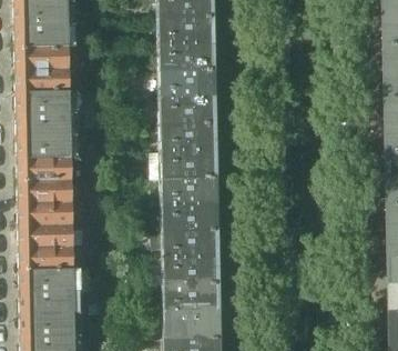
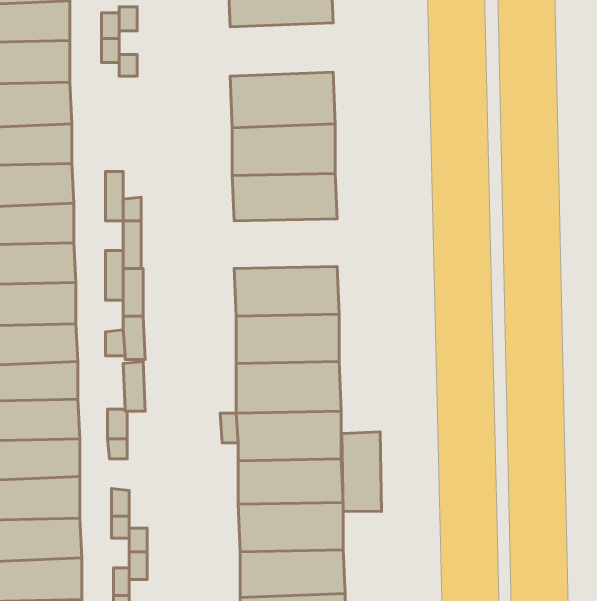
building: [156,16,214,46] -> none
building: [159,126,216,153] -> none
building: none -> [342,432,382,511]

